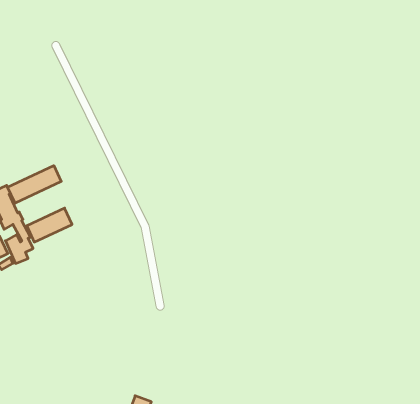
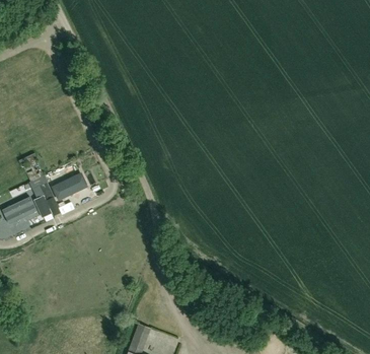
building: [8,166,61,203] -> none

